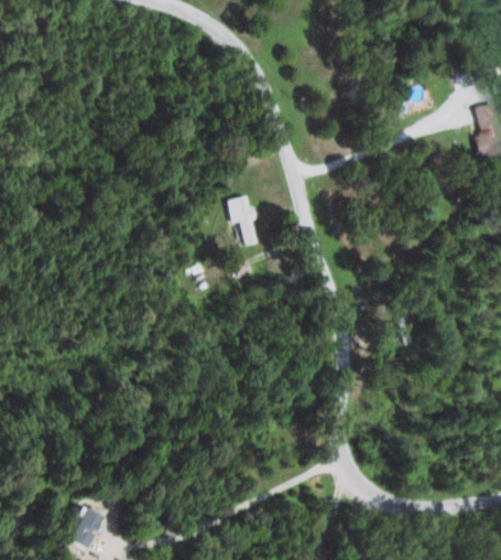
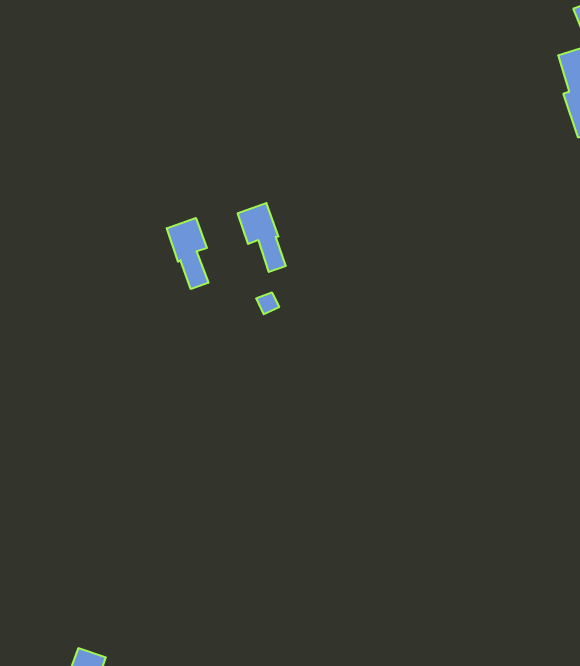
building: none -> [167,218,208,289]

